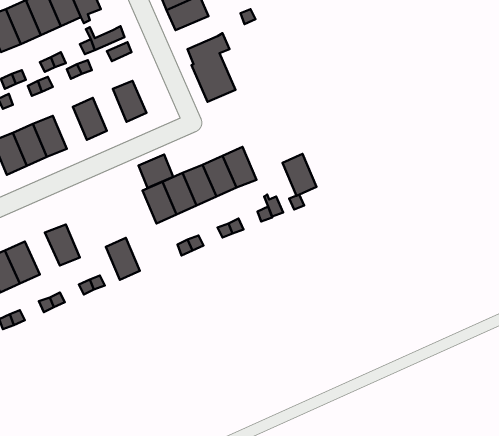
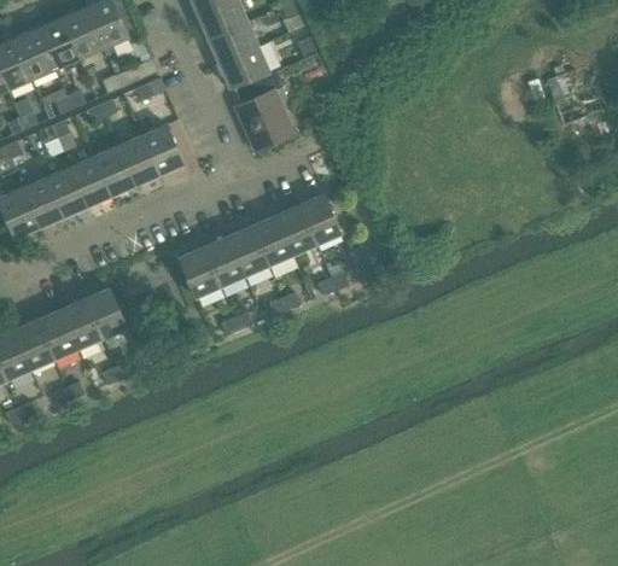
building: none -> [218,47,269,88]
building: none -> [118,135,159,186]
building: none -> [70,157,111,208]
building: [283,154,316,196] -> [299,194,340,245]
building: [138,154,173,188] -> none
building: none -> [36,309,78,360]
building: [106,238,140,280] -> [86,288,127,339]

